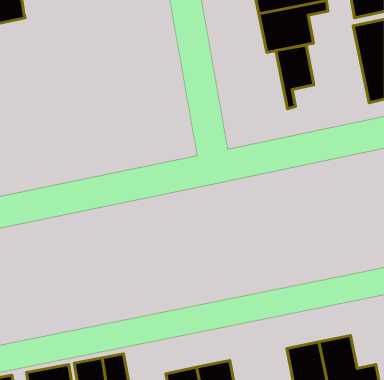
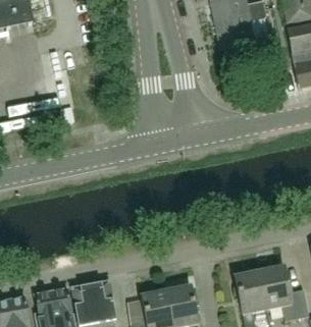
building: [276,45,314,109] -> none

